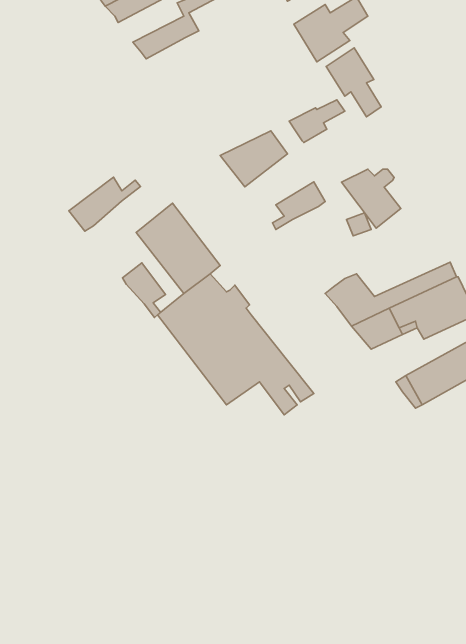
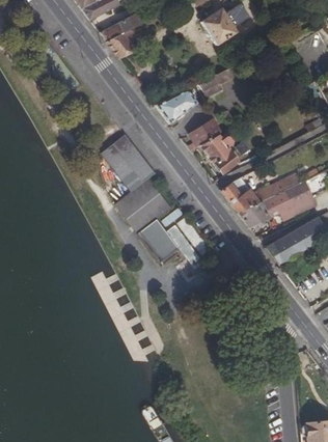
building: none -> [108,29,136,57]
building: [326,48,381,117] -> none
building: [342,169,401,228] -> [200,136,238,173]
building: [69,177,141,231] -> none
building: [123,263,166,317] -> none

